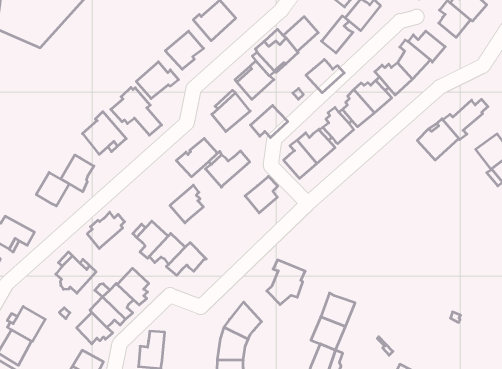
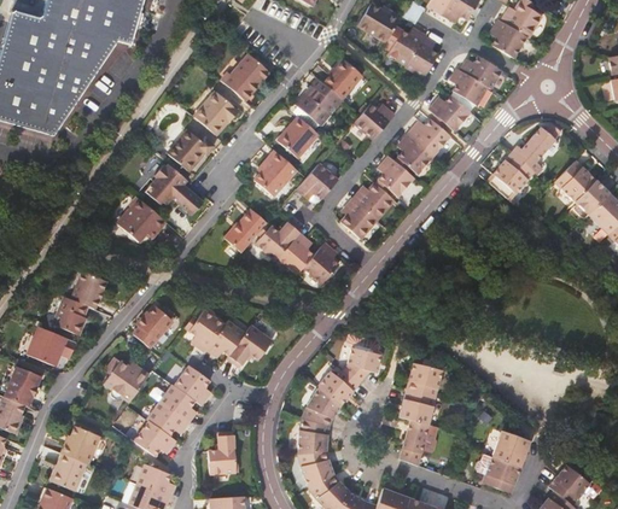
building: [321,16,353,53] -> [407,36,441,78]
building: [61,155,94,192] -> [53,296,88,335]
building: [170,185,203,223] -> [279,232,316,275]
building: none -> [317,370,360,405]

